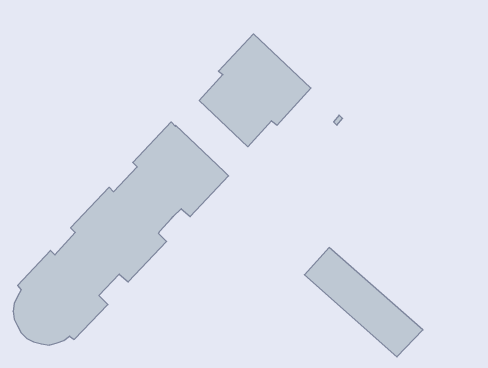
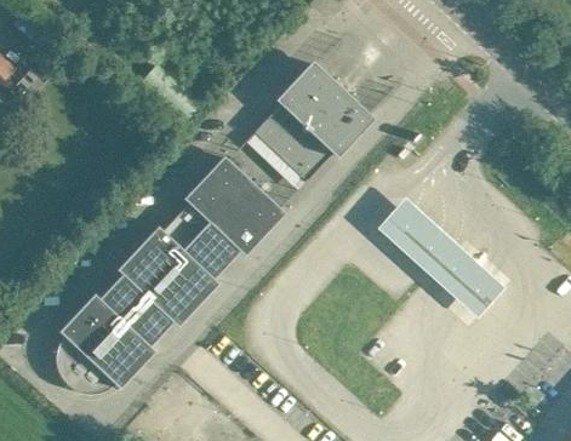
building: [304,248,423,357] -> [377,199,504,316]

